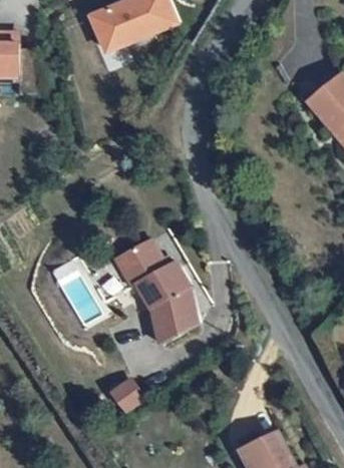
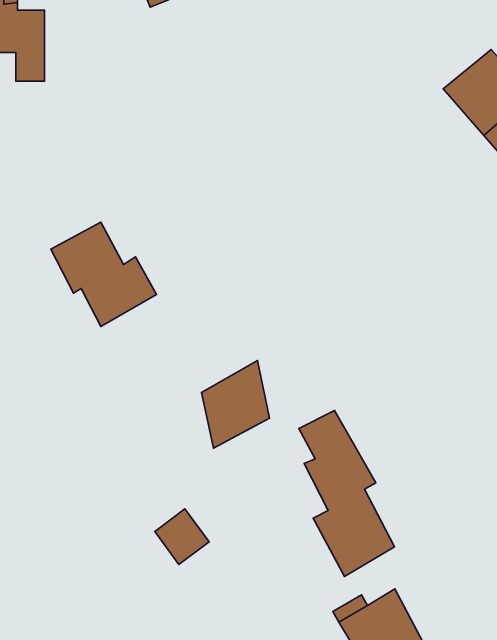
building: [110,231,181,301] -> [51,222,157,326]
building: none -> [299,410,395,576]

